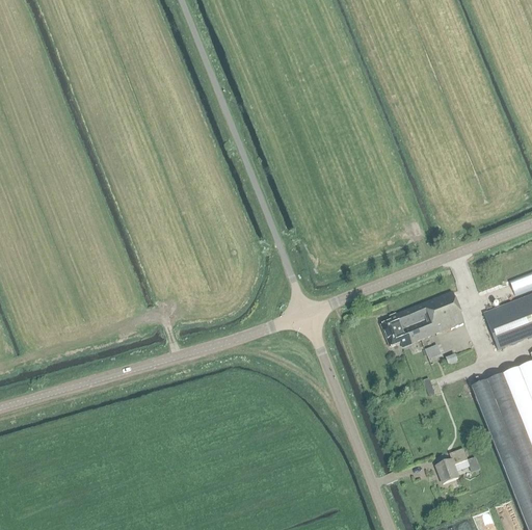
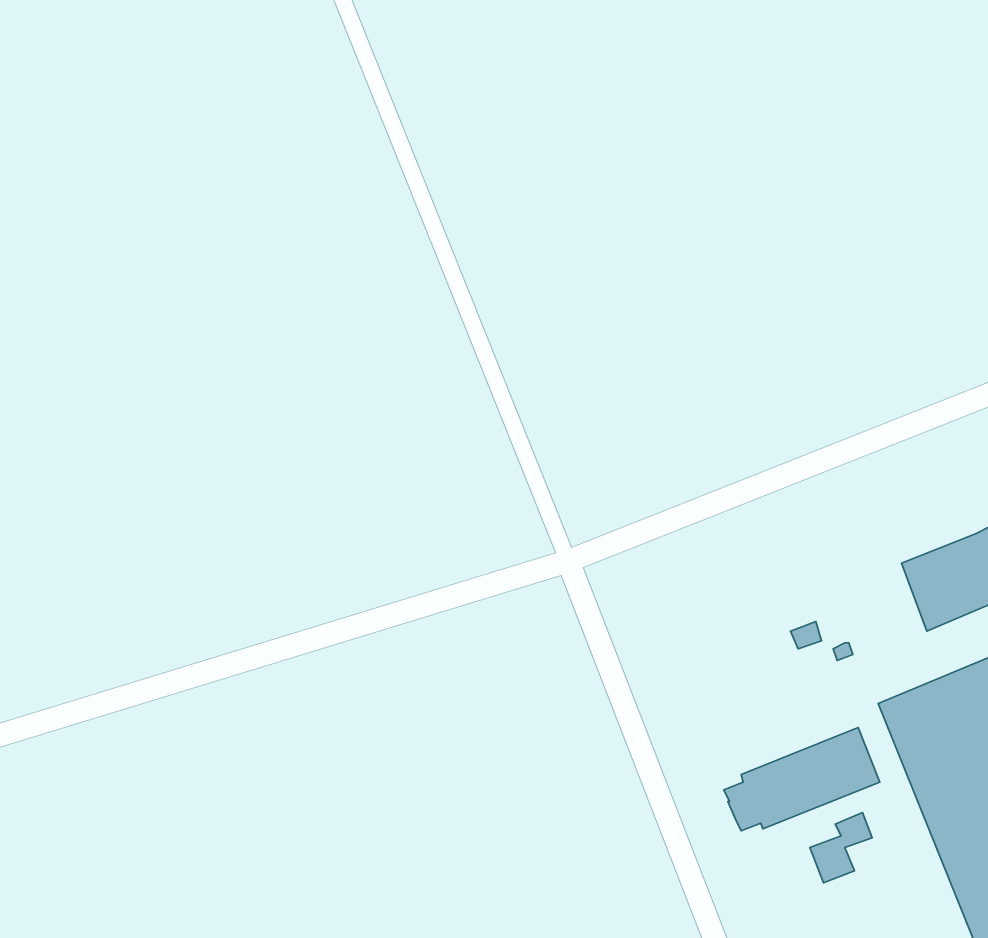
building: [381,291,464,346] -> [724,728,880,831]

